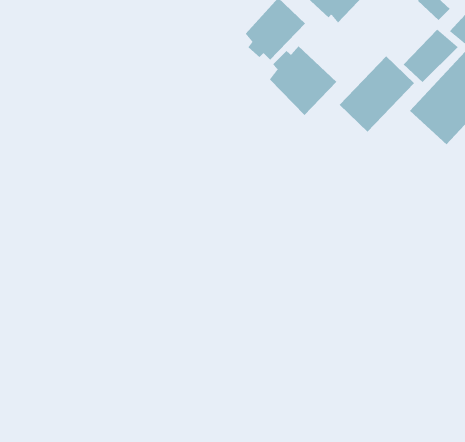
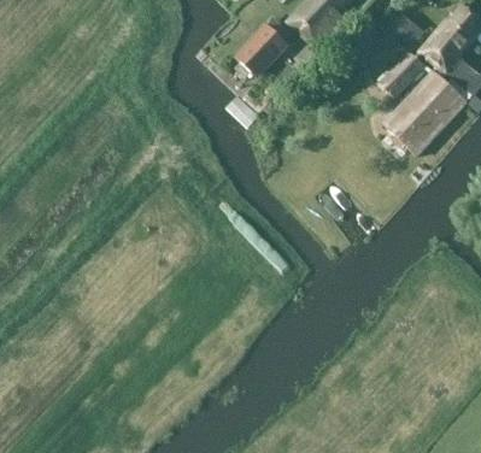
building: [269,46,337,116] -> none
building: [339,55,415,133] -> none

